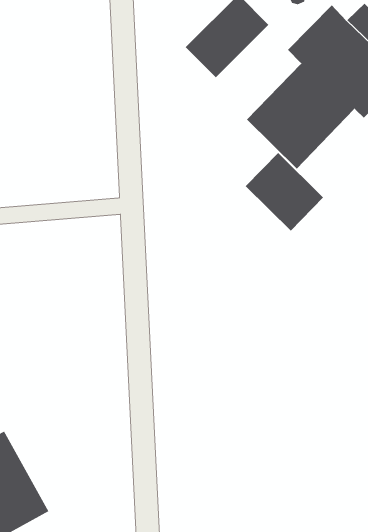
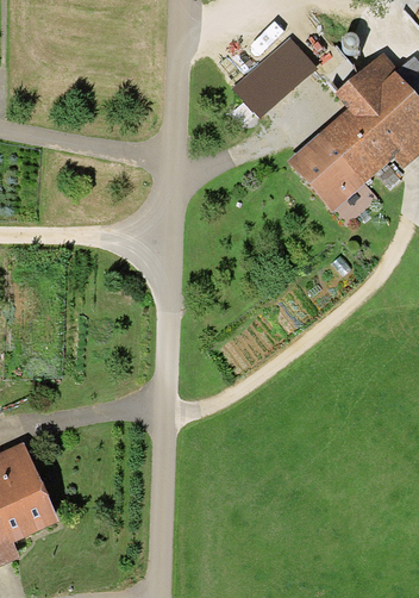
building: [245,152,324,232] -> none

